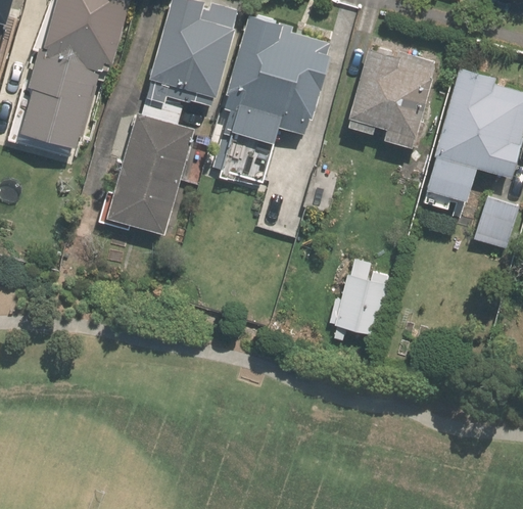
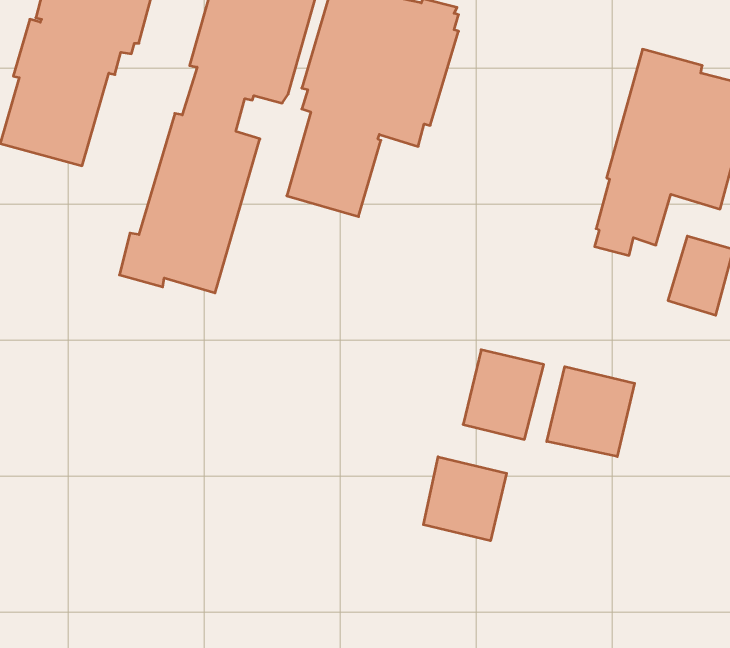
building: [347,48,435,148] -> none
building: none -> [547,367,635,457]
building: none -> [423,457,507,541]

